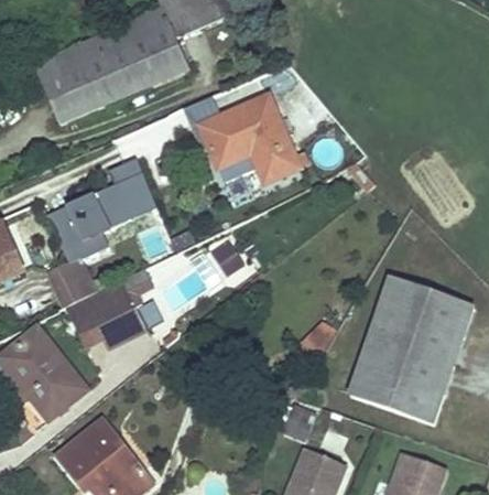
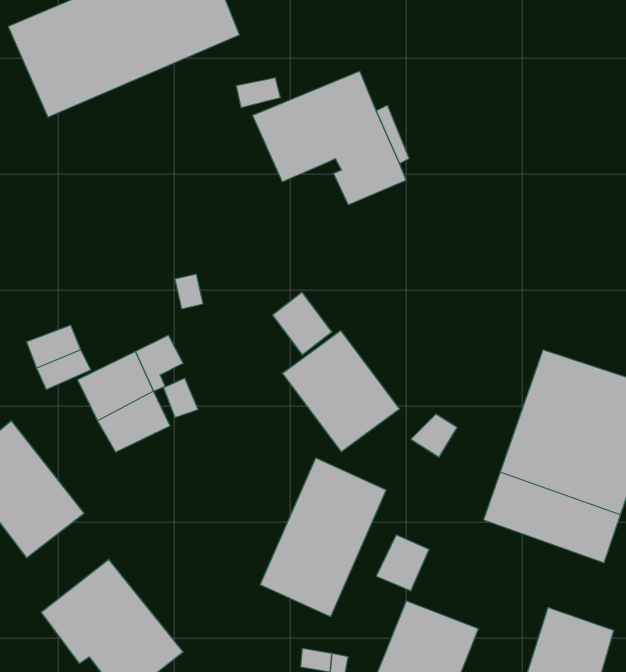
building: [44,158,153,260] -> none
building: none -> [282,331,399,452]
building: none -> [260,458,386,617]

